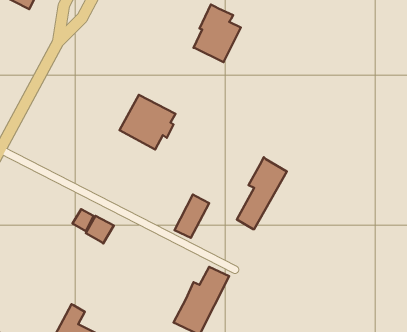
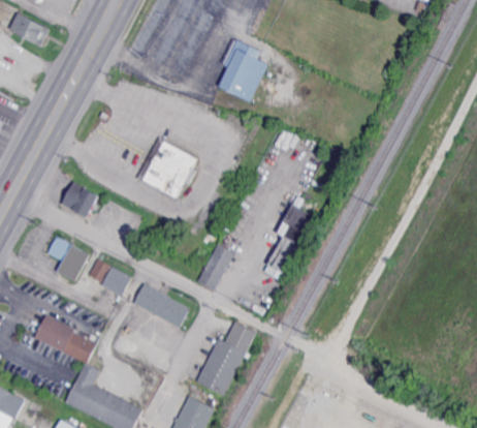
building: none -> [61,183,97,218]
building: none -> [46,237,88,281]
building: none -> [133,283,188,328]
building: none -> [35,313,96,362]

